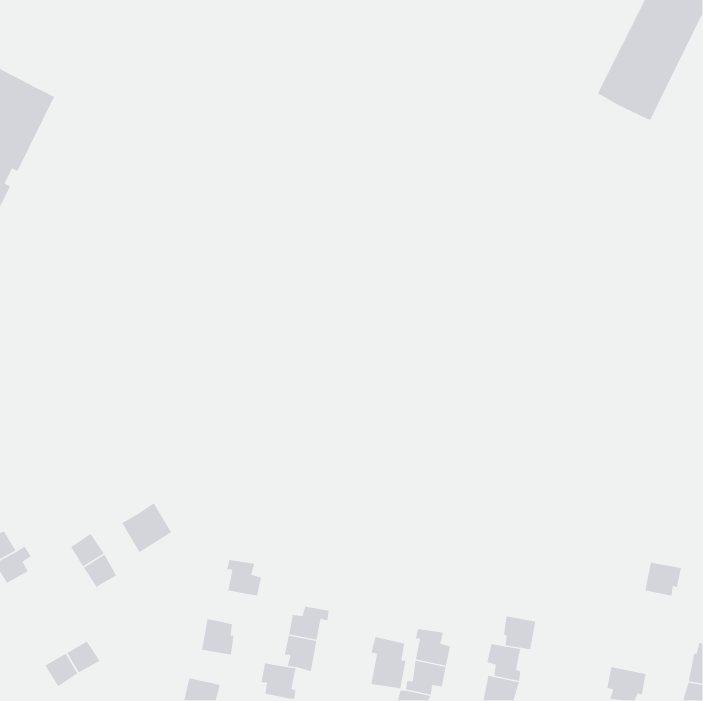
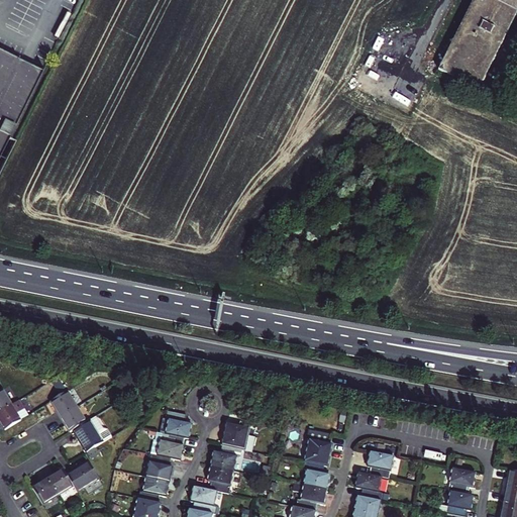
building: [121,502,172,553] -> [74,414,111,451]
building: [645,562,682,596] -> [448,468,476,493]
building: none -> [223,422,249,448]
building: none -> [158,432,184,459]
building: none -> [68,462,99,491]
building: [371,636,406,690] -> [306,425,332,464]
building: none -> [138,477,170,501]

